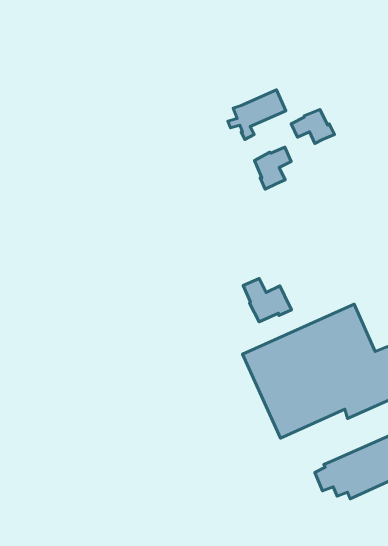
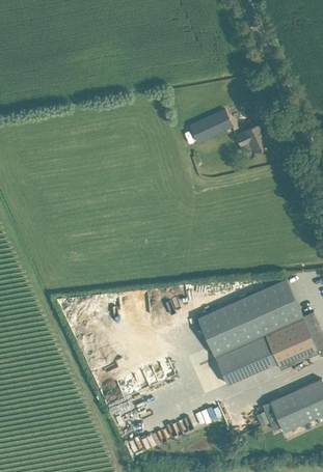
building: [254,147,291,189] -> none
building: [243,278,292,322] -> none

